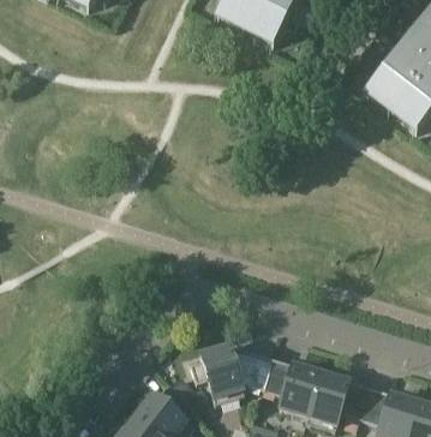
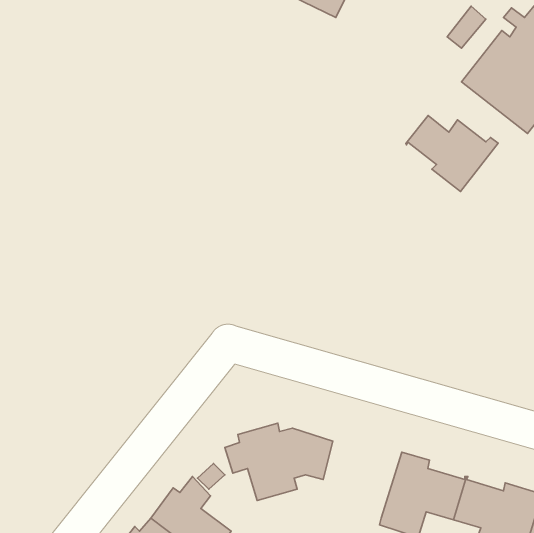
building: none -> [406,115,498,191]
building: [262,355,321,417] -> none

